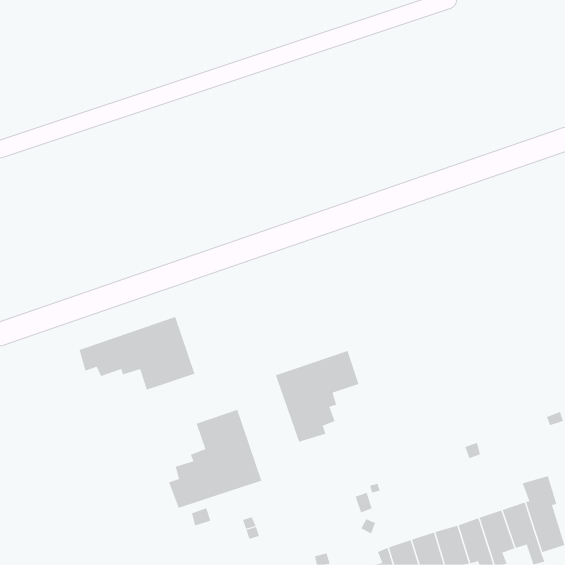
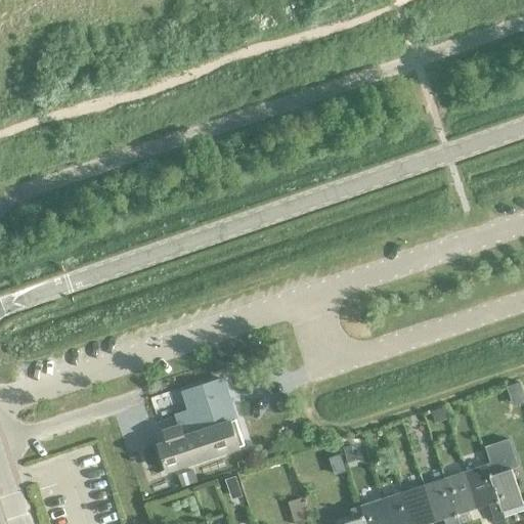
building: [79,316,195,391] -> none
building: [275,350,359,443] -> none

